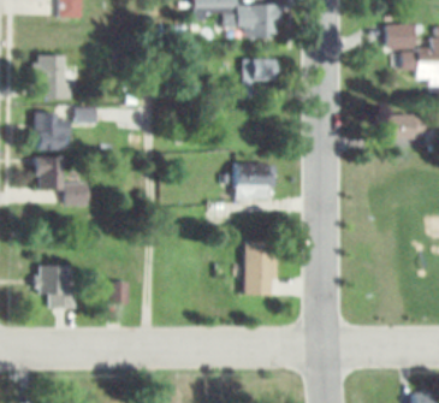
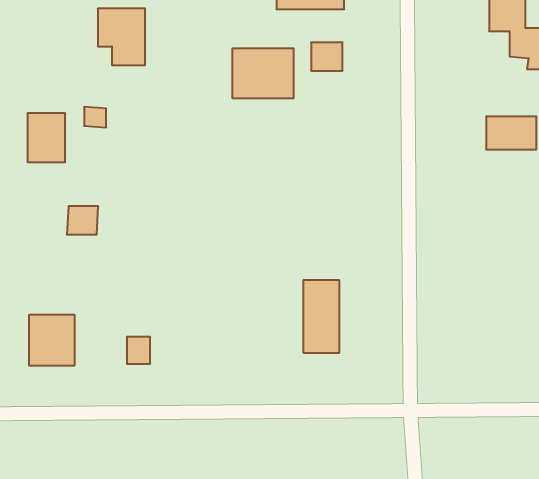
building: [34,57,70,100] -> [98,9,145,65]
building: none -> [233,48,294,98]
building: [36,159,64,190] -> none
building: [237,165,275,198] -> none

